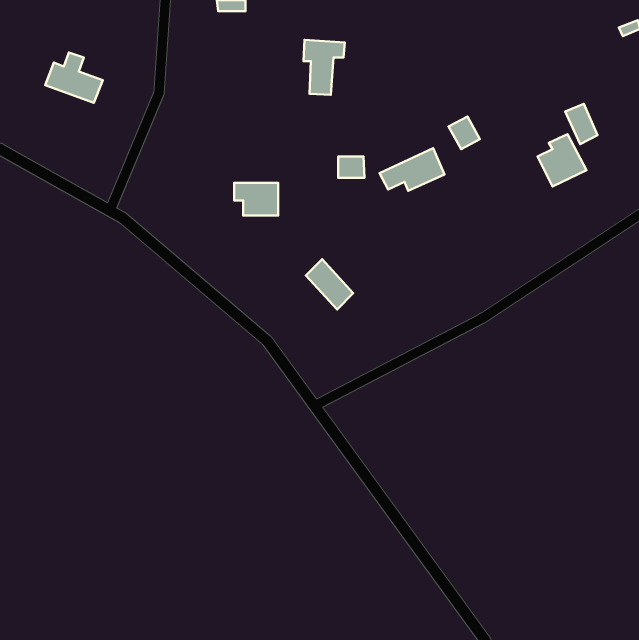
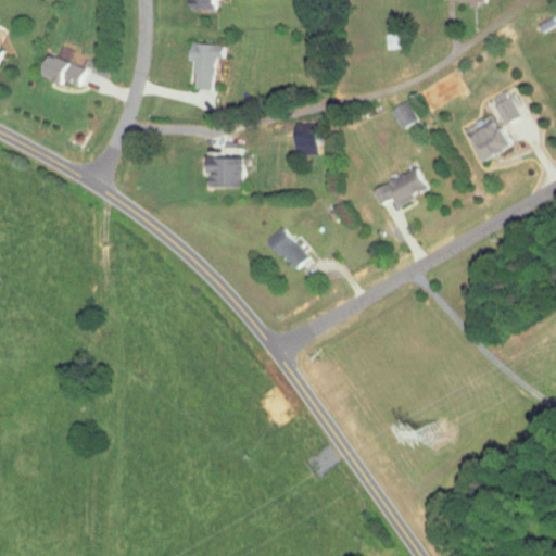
building: [303,40,345,95] -> [188,42,224,90]
building: [379,148,445,191] -> [371,166,428,203]

